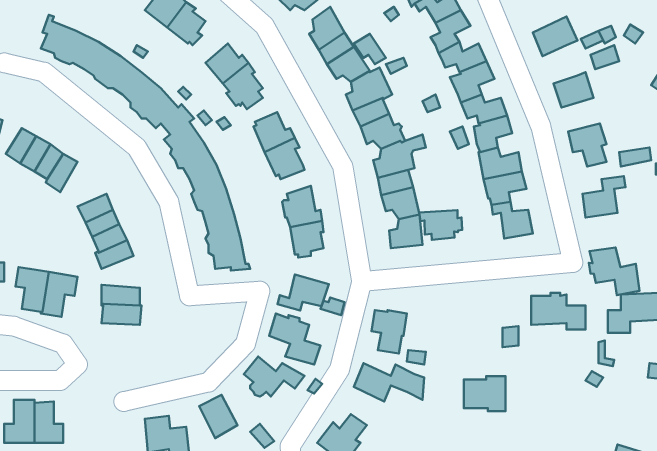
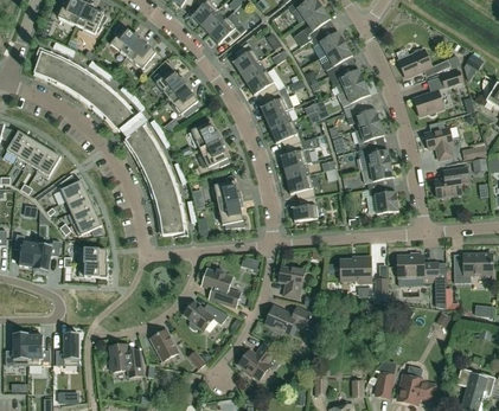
building: [419,210,462,240] -> none
building: [589,247,639,295] -> none
building: [277,275,329,311] -> none
building: [464,376,505,411] -> [340,257,371,283]
building: none -> [56,333,79,365]

